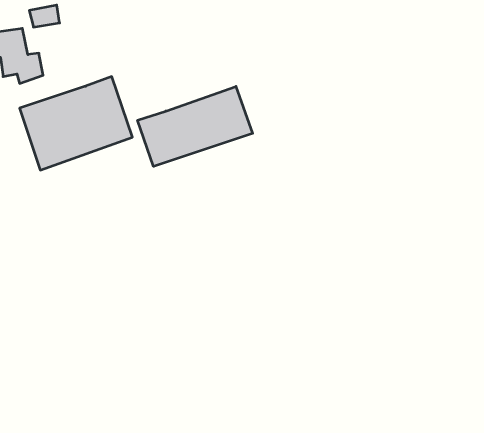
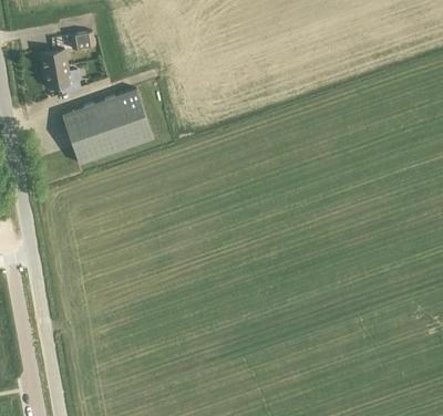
building: [138,86,253,166] -> none

